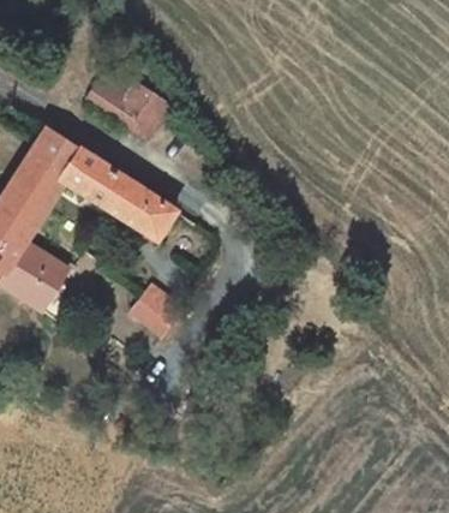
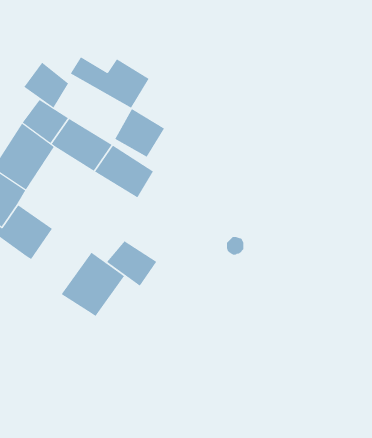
building: none -> [24,62,69,108]
building: none -> [114,108,165,157]
building: none -> [61,252,125,317]

